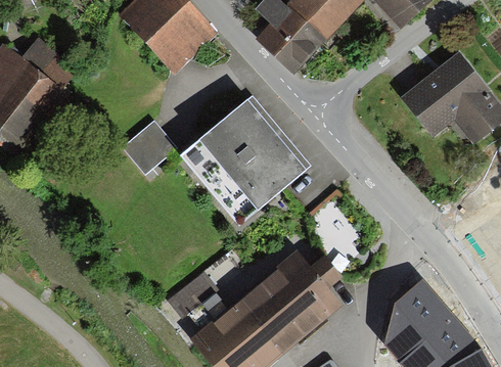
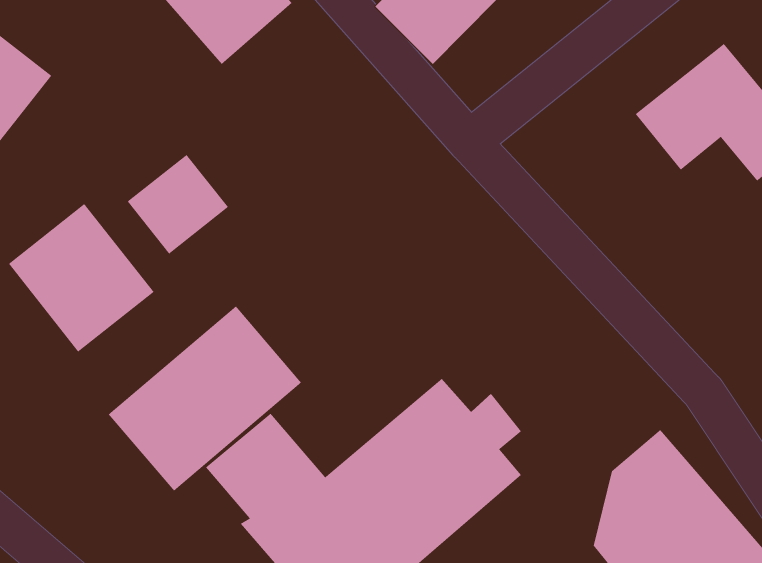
building: [185,96,310,222] -> none
building: none -> [8,203,154,353]
building: none -> [108,305,302,492]

